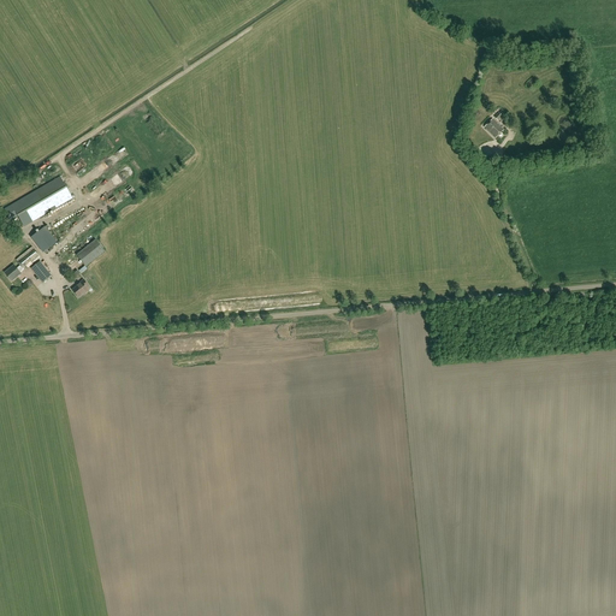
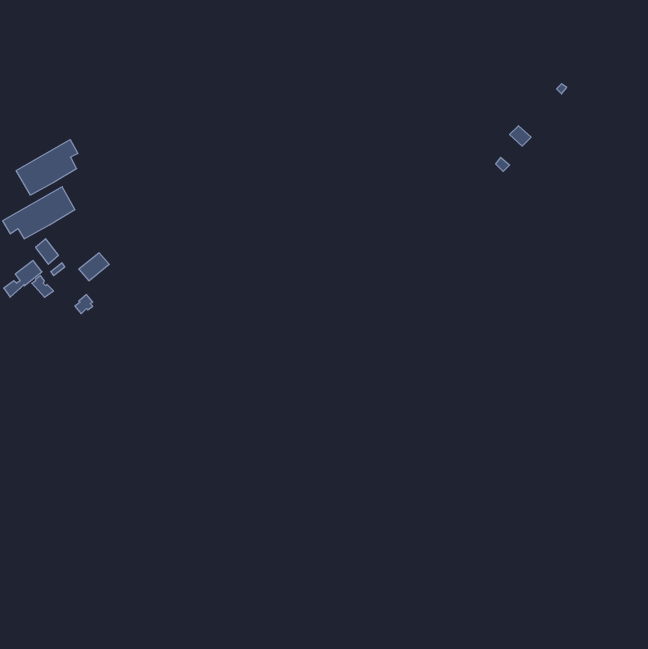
building: none -> [16,140,78,195]

